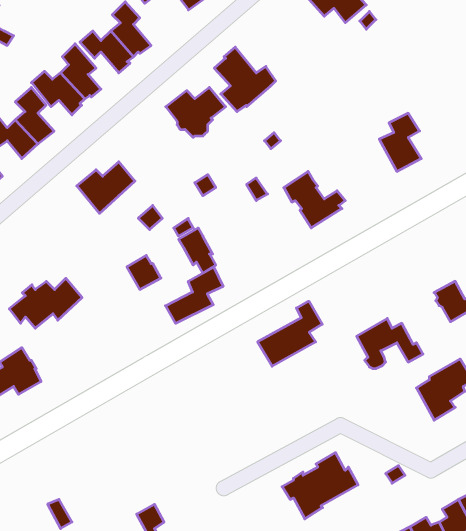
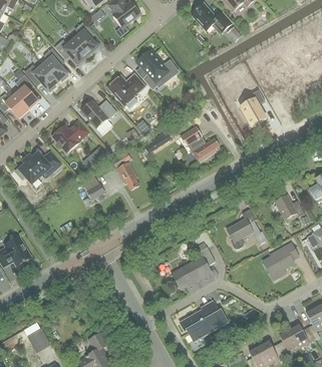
building: none -> [80,98,116,126]
building: [165,267,223,323] -> none
building: [9,278,82,328] -> [15,150,60,181]
building: [258,302,322,366] -> [175,246,215,286]

